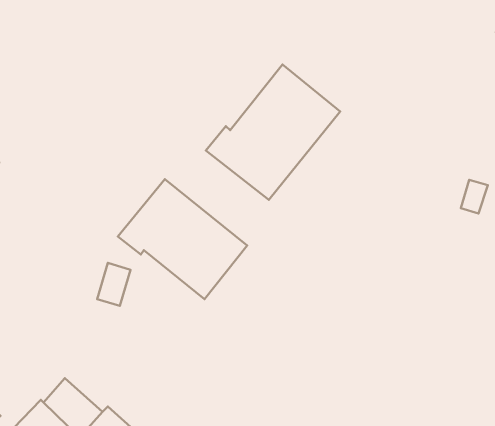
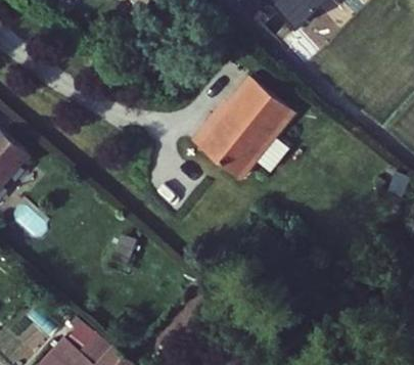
building: [118,179,247,299] -> none

